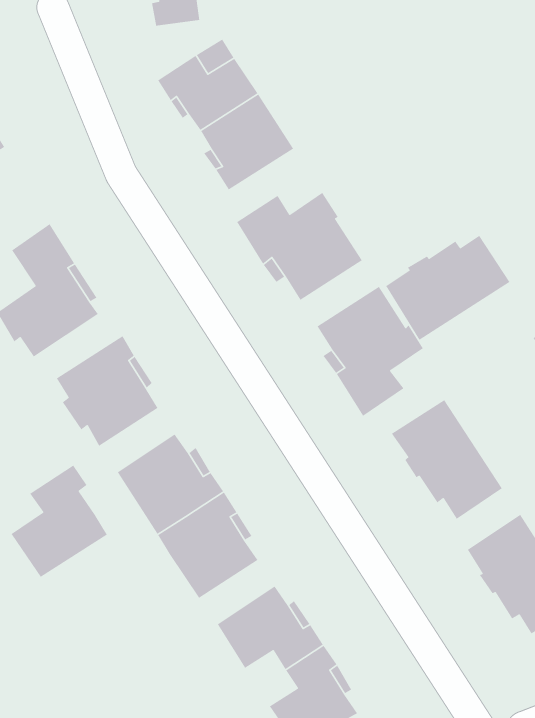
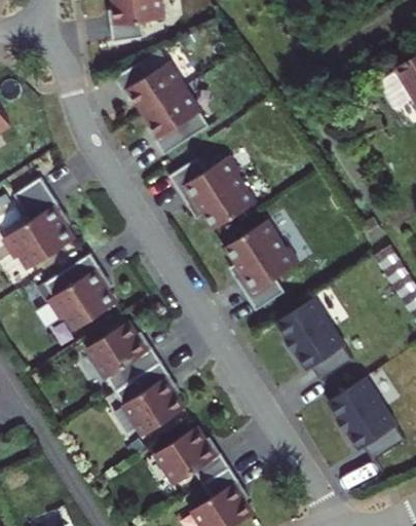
building: [385,235,511,341] -> none
building: [11,464,108,578] -> none

